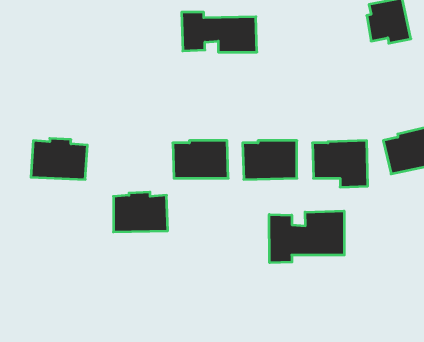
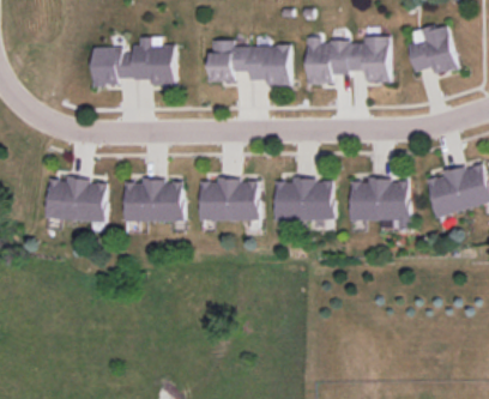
building: none -> [92,36,175,85]
building: none -> [307,36,390,83]
building: [113,192,168,232] -> [125,177,183,220]
building: [269,211,344,263] -> none

